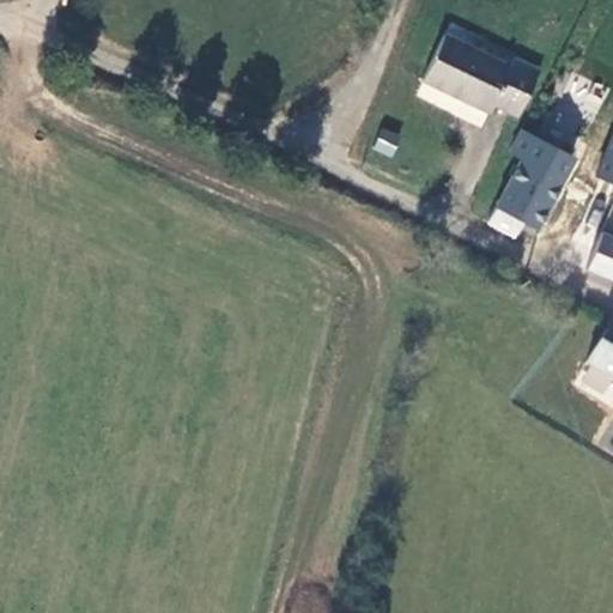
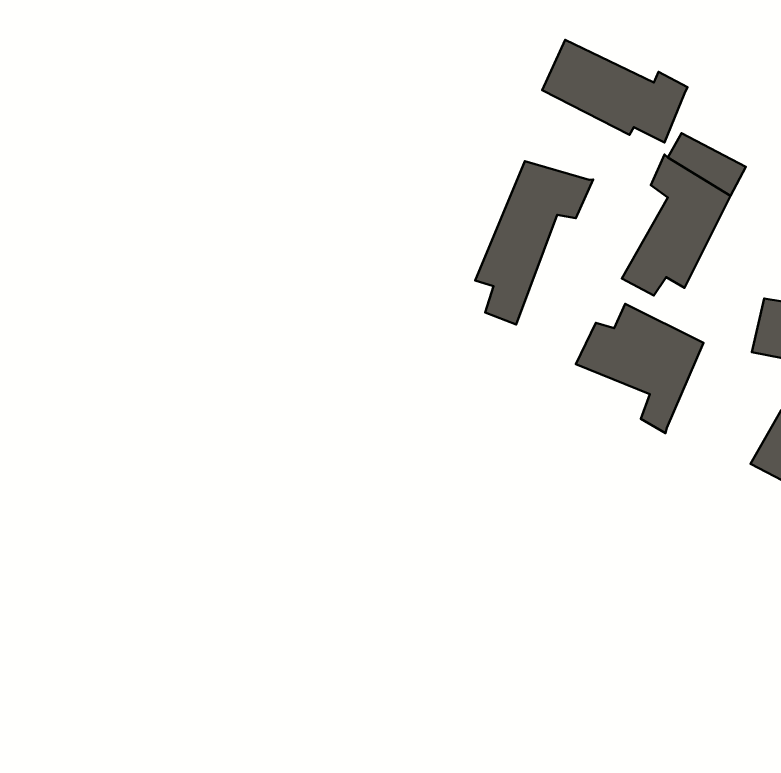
building: none -> [475,161,593,324]
building: none -> [576,304,703,433]

